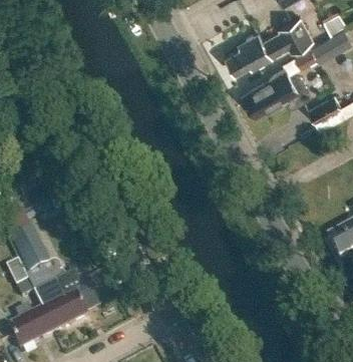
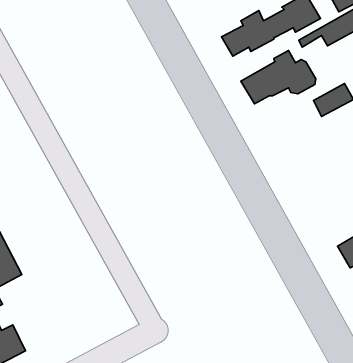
building: [37,270,92,331] -> none

